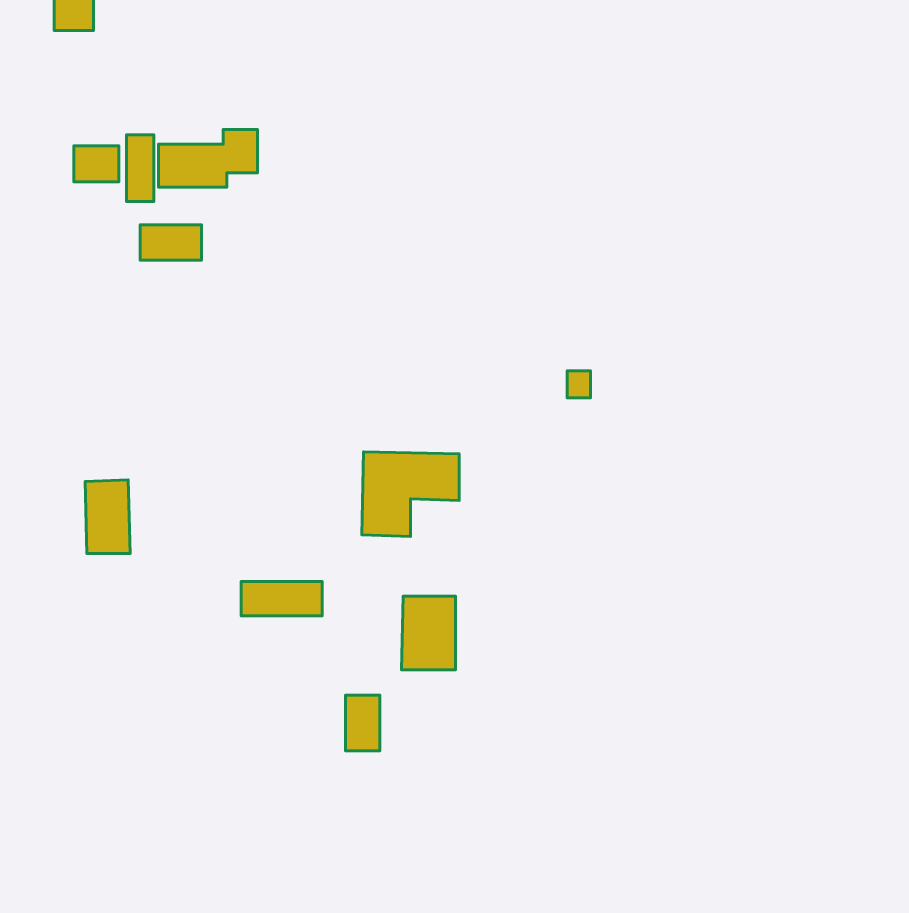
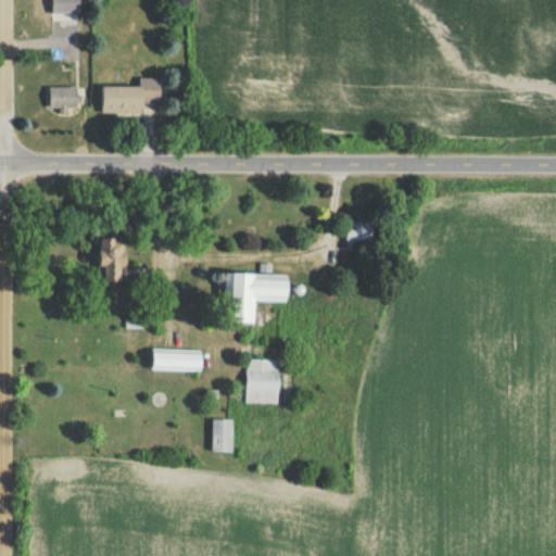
building: [126,135,154,202] -> none
building: [140,225,202,260] -> none
building: [85,480,130,554] -> [99,238,126,282]

